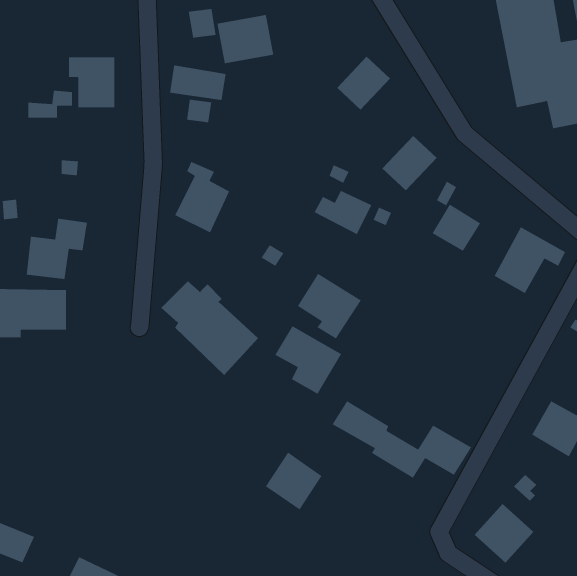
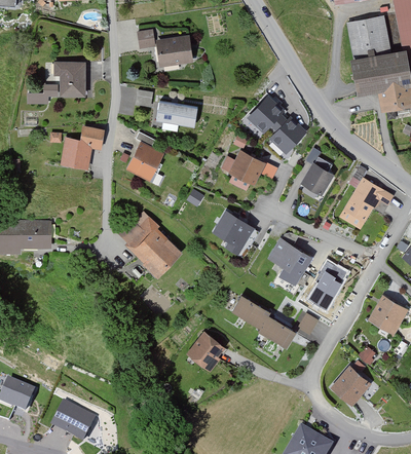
building: [336,56,391,110] -> [246,94,283,131]
building: [169,64,227,101] -> [156,101,195,125]
building: [26,218,88,280] -> [62,125,104,167]
building: [274,325,342,395] -> [267,237,313,285]
building: none -> [307,258,346,308]

